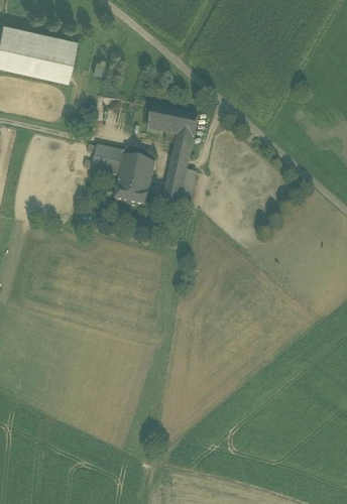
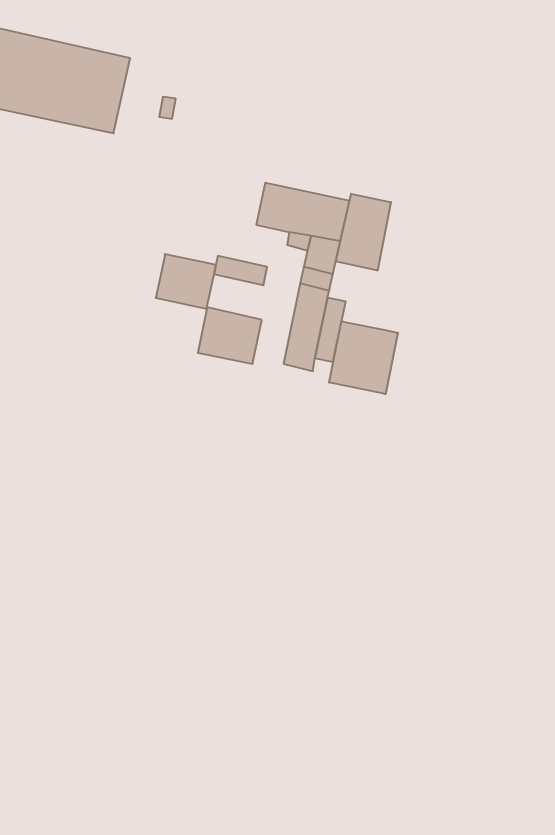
building: none -> [336,194,391,271]
building: [119,159,154,184] -> none
building: none -> [329,321,398,394]

